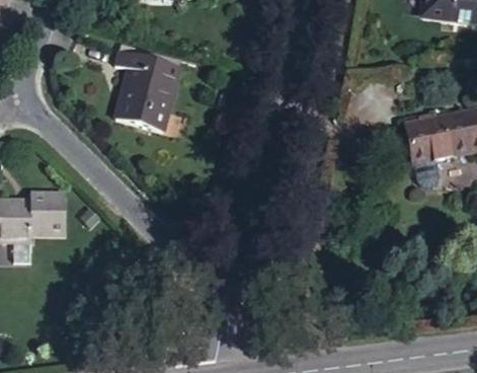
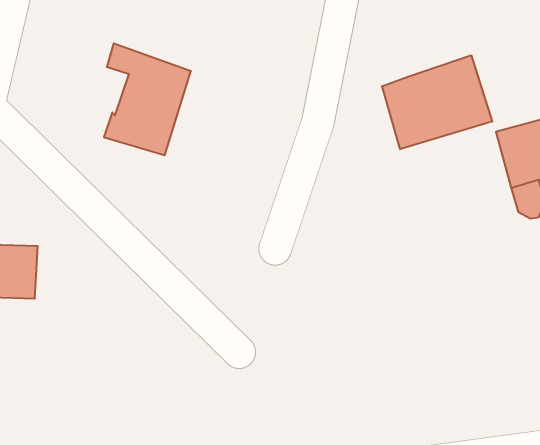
building: none -> [382,55,492,149]

